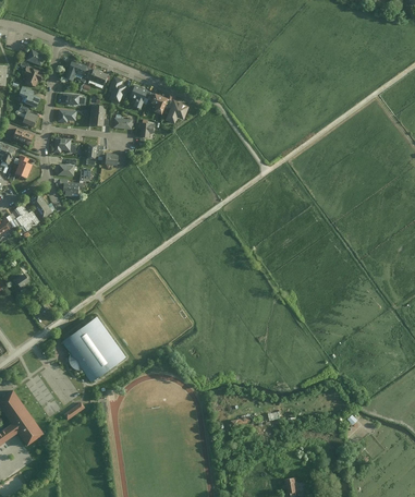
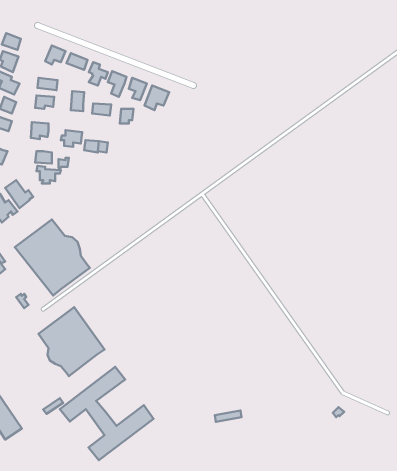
building: none -> [15,220,90,295]
building: none -> [60,367,154,460]

